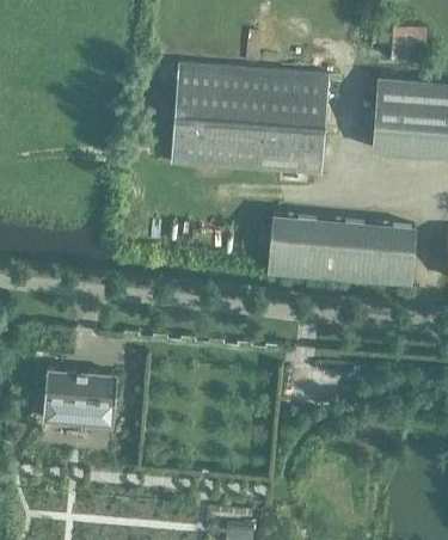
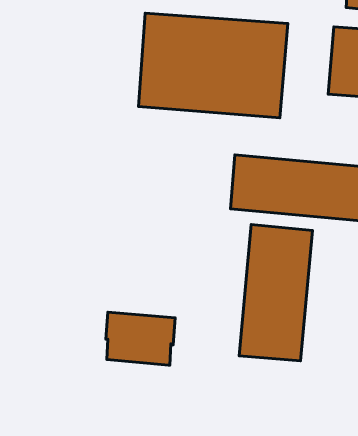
building: none -> [239,224,313,361]
building: [43,372,117,428] -> [106,312,175,365]

